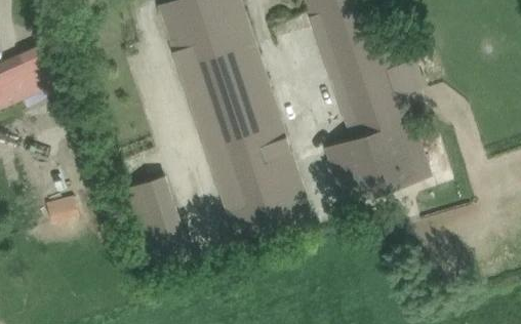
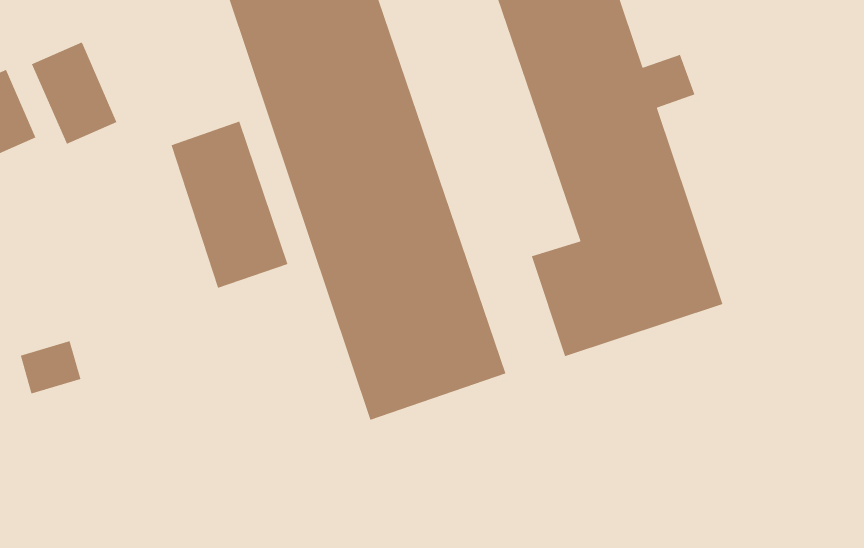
building: none -> [31,41,118,145]
building: [124,173,189,266] -> [171,120,289,289]

